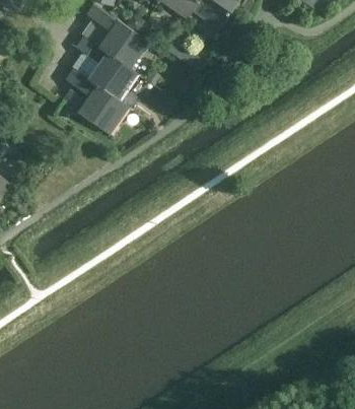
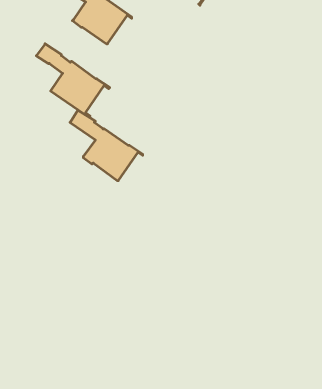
building: [75,37,142,101] -> [70,110,143,181]

